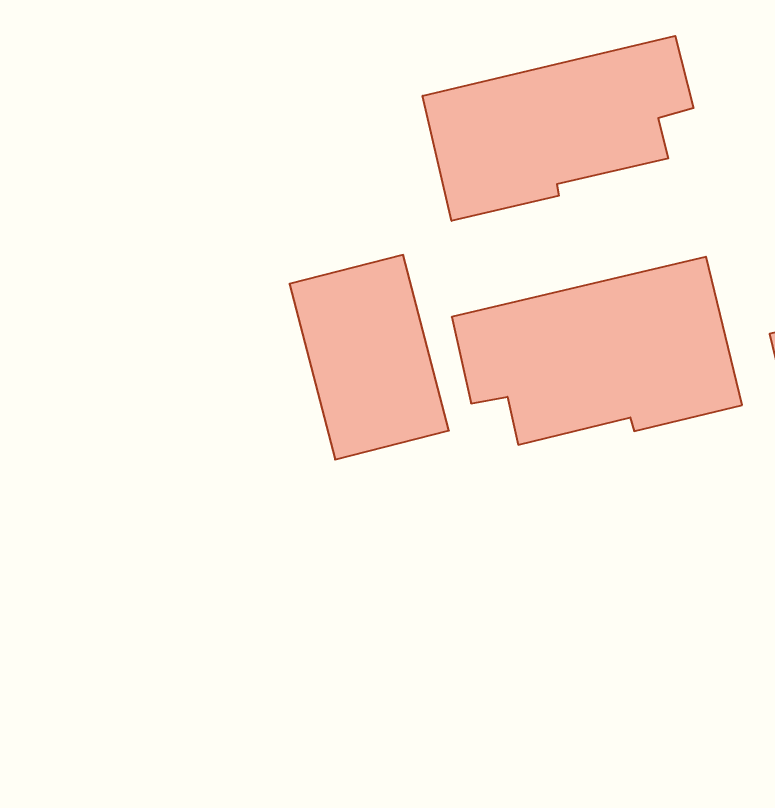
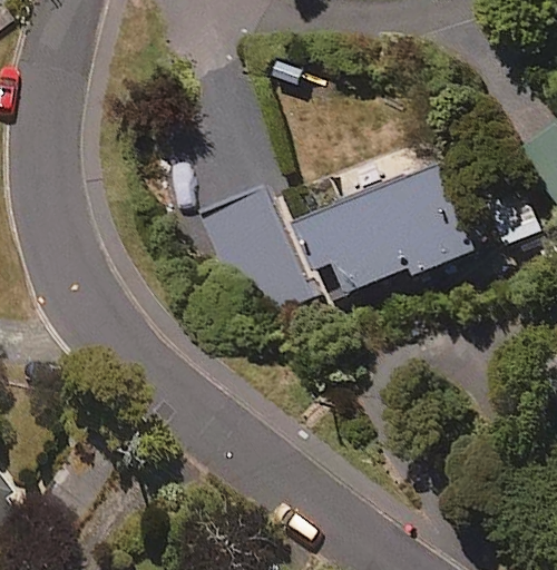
building: [423,36,694,221] -> none

